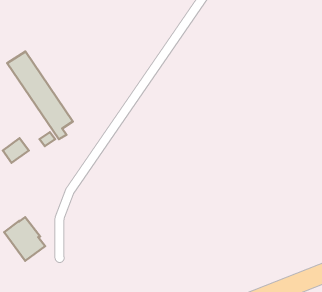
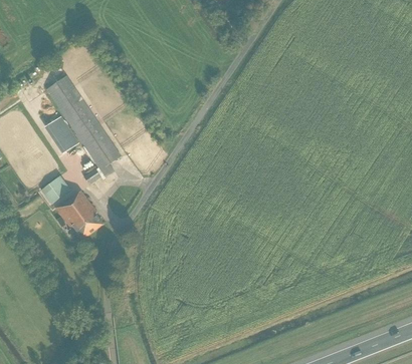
building: none -> [44,116,78,152]
building: [4,217,45,261] -> [55,190,102,240]

